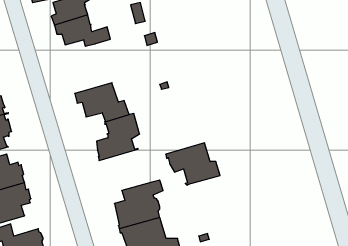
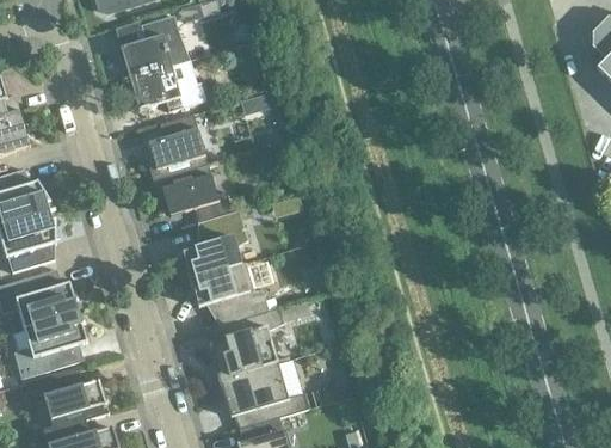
building: none -> [148,113,208,180]
building: [166,143,220,185] -> [189,263,269,325]

